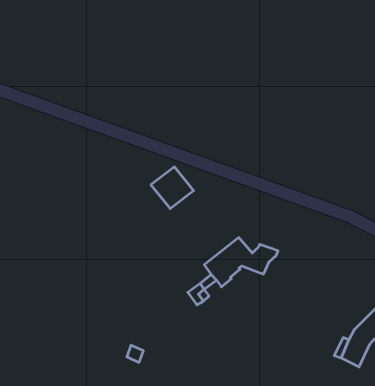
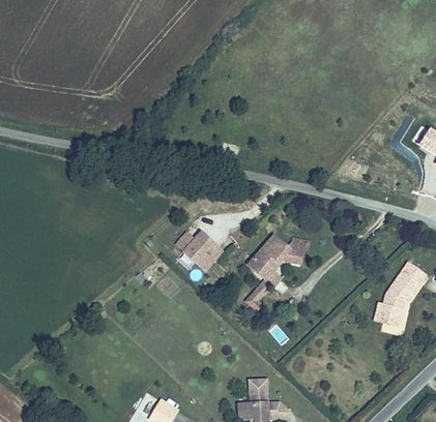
building: [151,167,194,209] -> [181,232,219,268]

